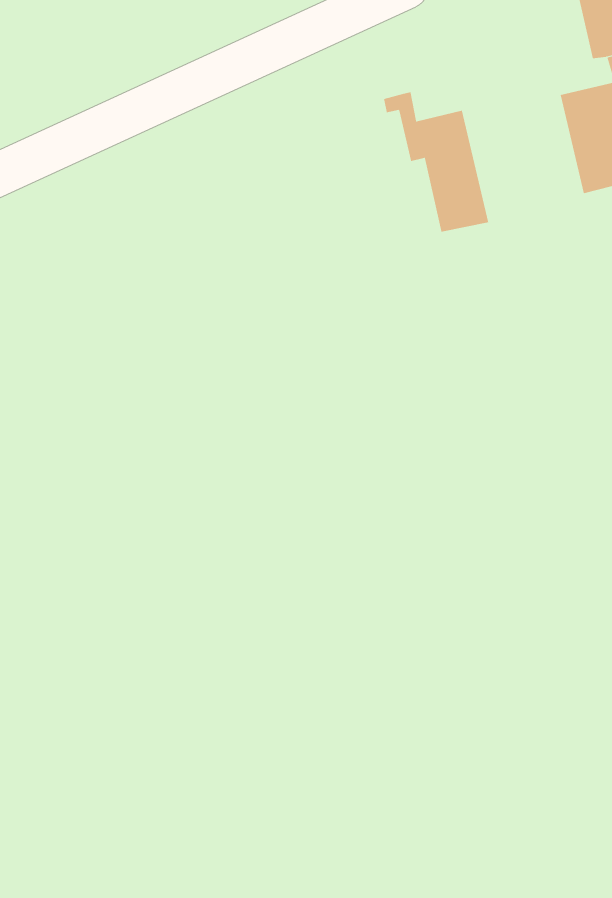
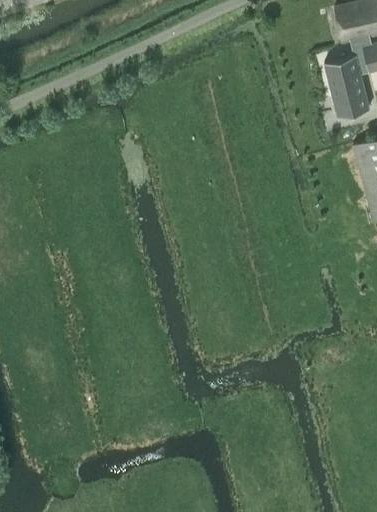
building: [384,92,489,233] -> none

